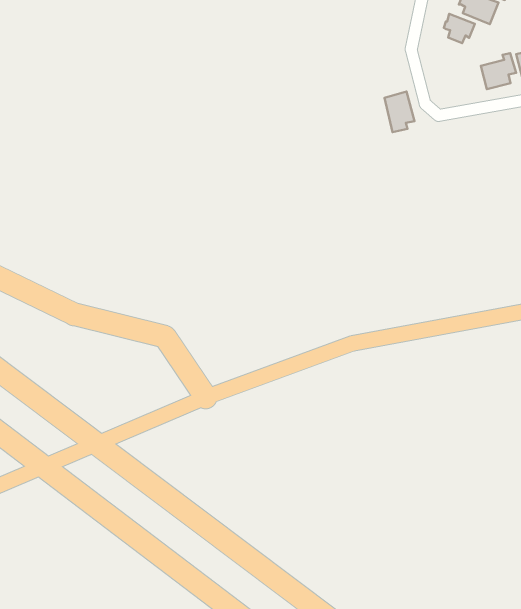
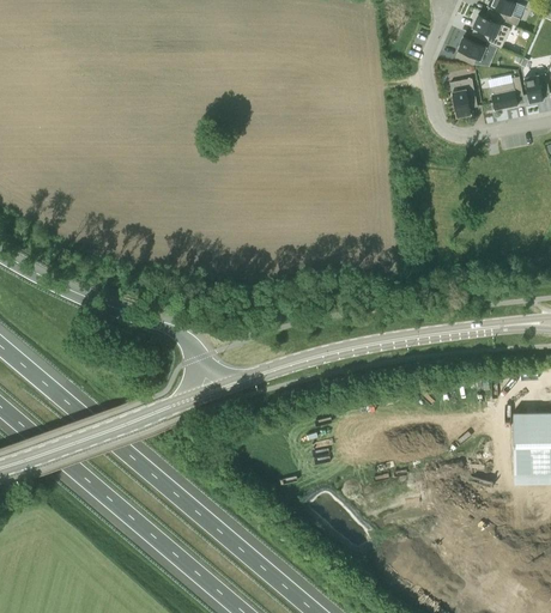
building: [384,92,414,132] -> [450,79,478,117]

